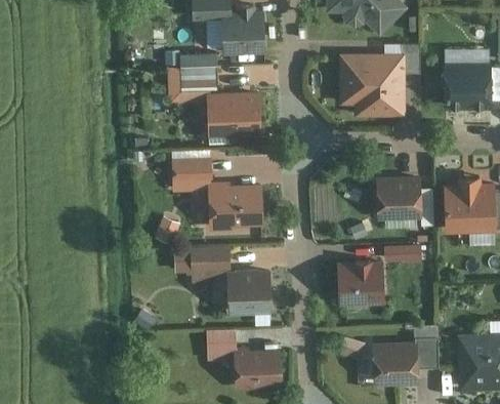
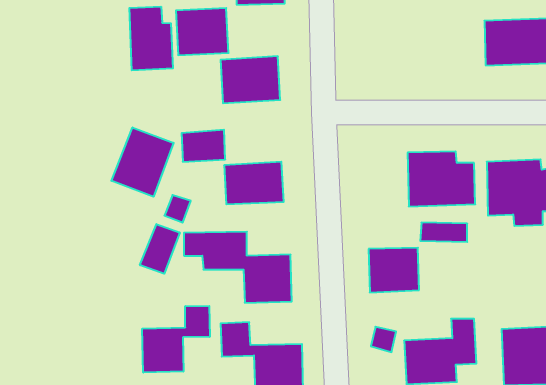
building: none -> [129,7,173,70]
building: [339,51,404,114] -> none
building: none -> [111,127,174,197]
building: none -> [140,224,180,274]
building: none -> [142,306,210,373]

